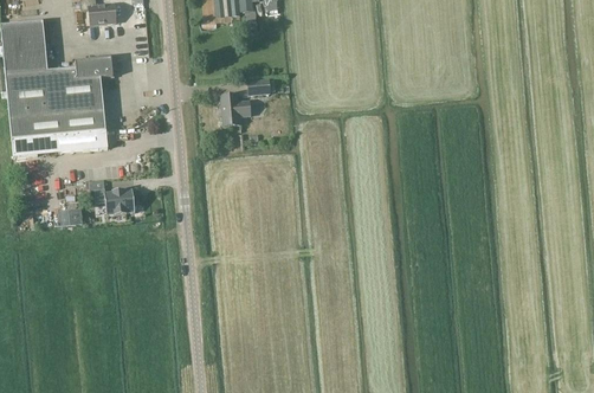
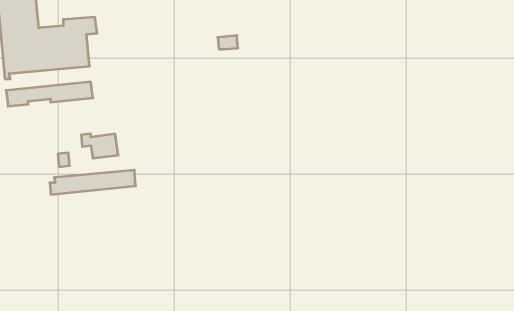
building: [220,92,247,124] -> none
building: [9,111,105,138] -> [50,170,136,194]

